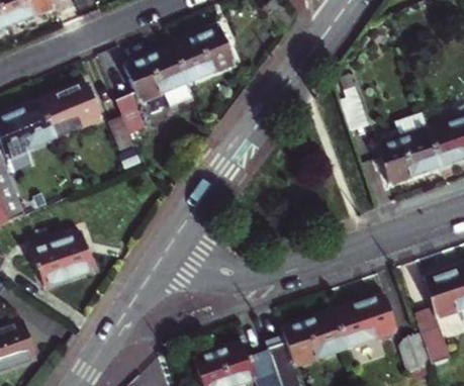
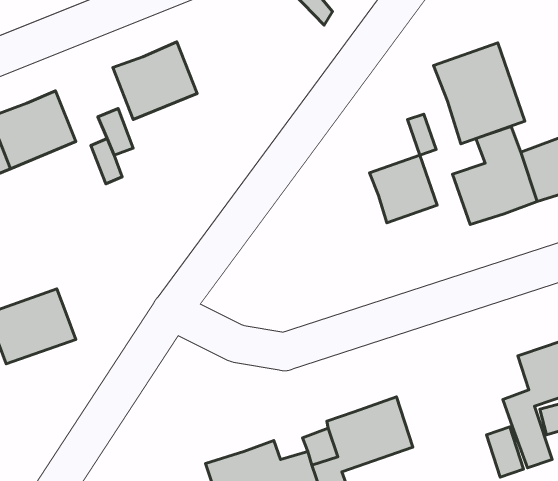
building: [173,27,235,85] -> none
building: none -> [434,43,525,144]
building: none -> [370,155,437,223]
building: [336,292,399,347] -> none

